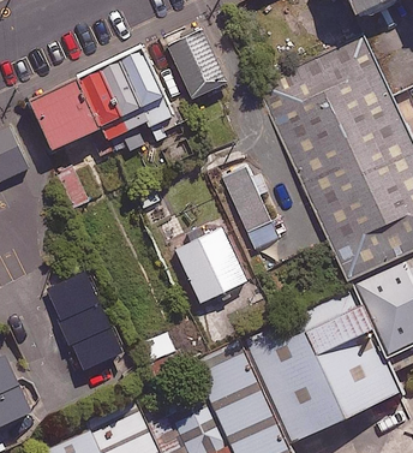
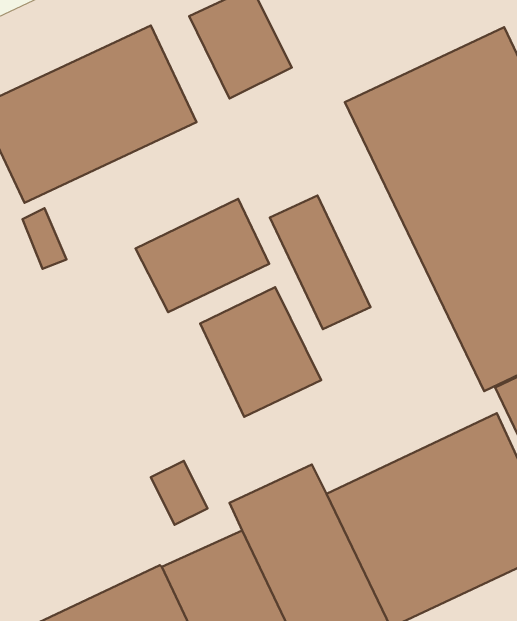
building: none -> [136,199,269,312]
building: [53,284,120,369] -> none

